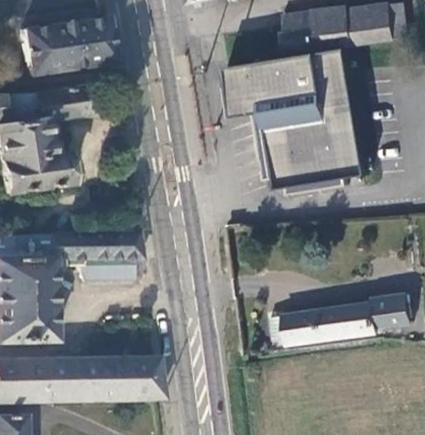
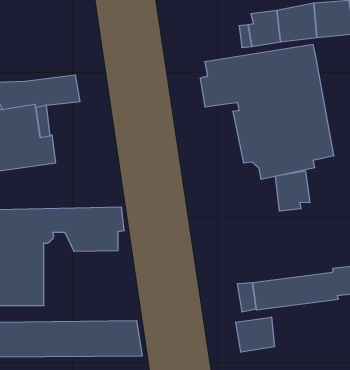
building: [20,13,114,75] -> none
building: none -> [275,171,310,211]
building: none -> [236,317,275,352]

